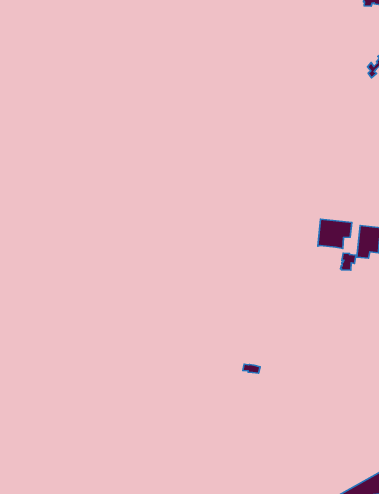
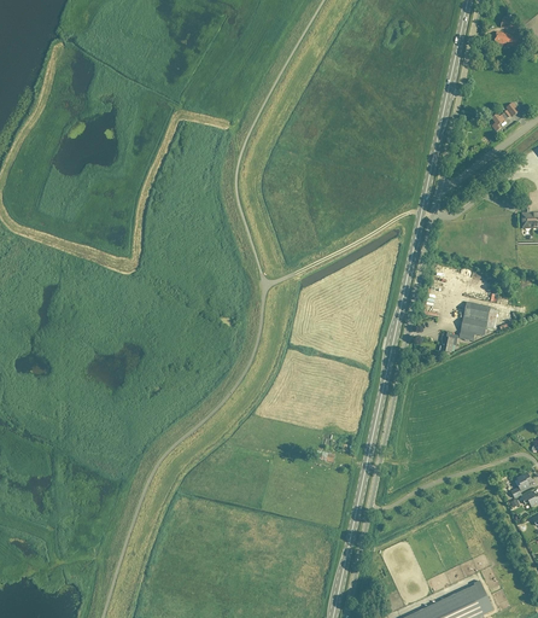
building: [318,219,352,248] -> none

